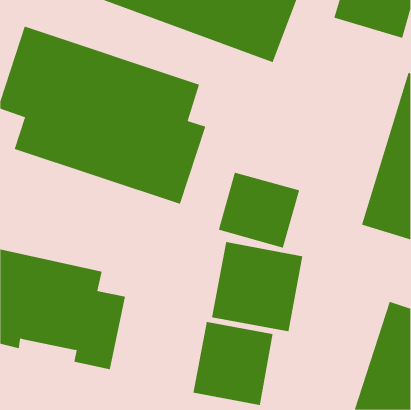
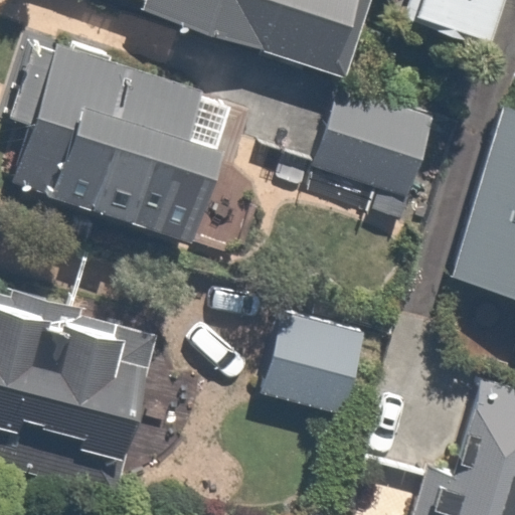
building: none -> [312,89,431,220]
building: [218,172,300,249] -> none
building: [193,321,273,406] -> none

